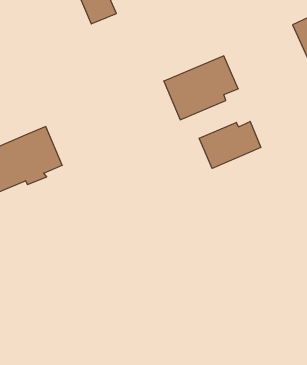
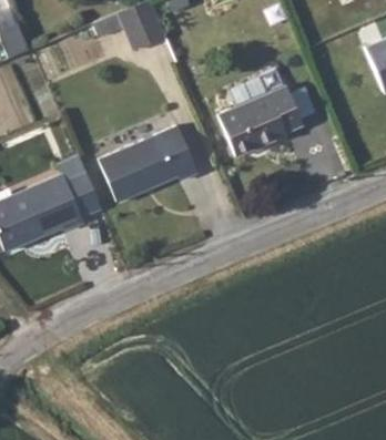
building: none -> [100,125,199,201]
building: [199,121,261,168] -> none

